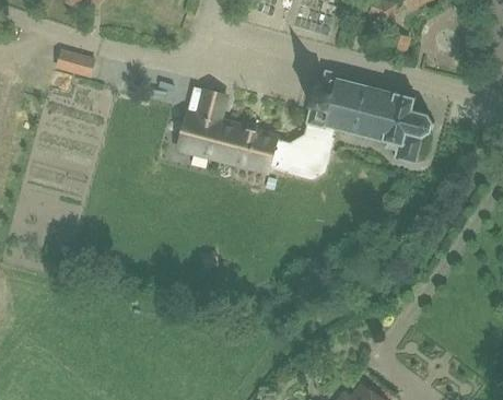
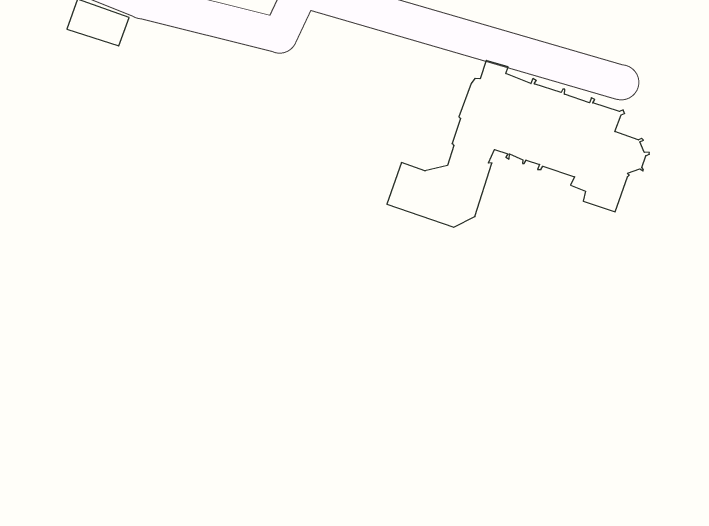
building: [177,86,277,170] -> none

